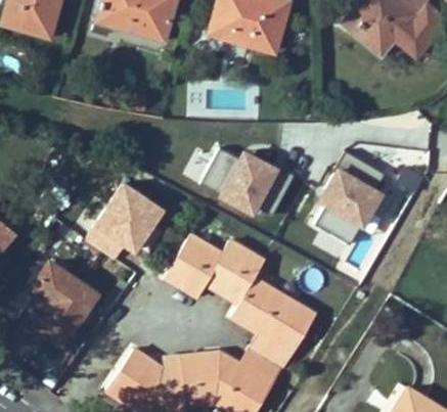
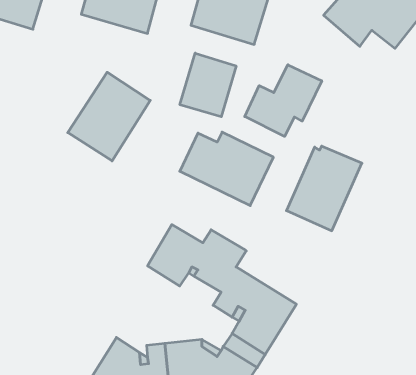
building: none -> [180,53,236,117]
building: none -> [245,65,322,136]
building: [81,173,165,263] -> [68,72,150,161]
building: [25,266,97,344] -> none

